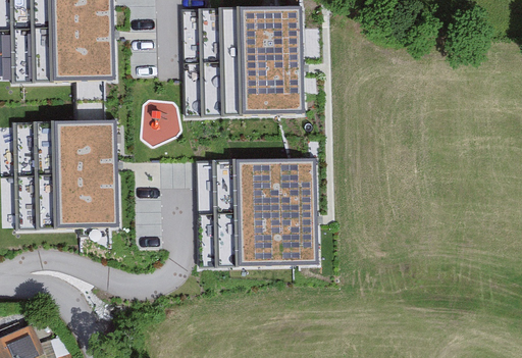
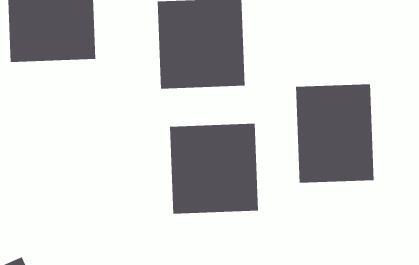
building: none -> [296,83,374,183]
building: [7,115,117,227] -> none

